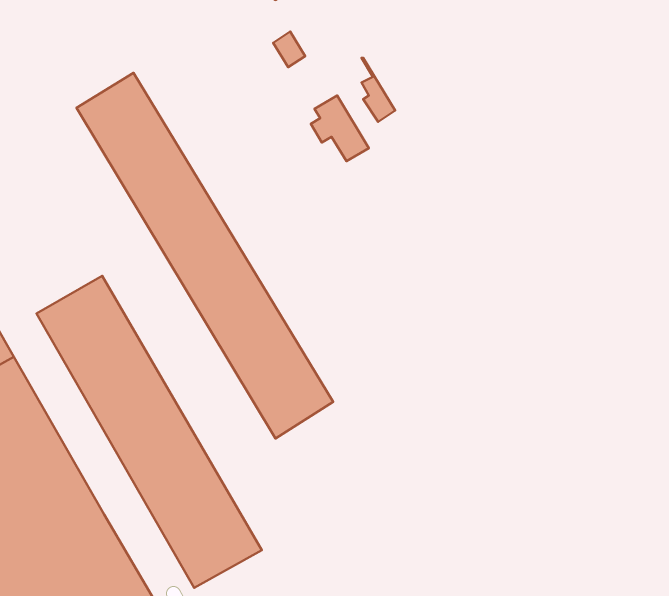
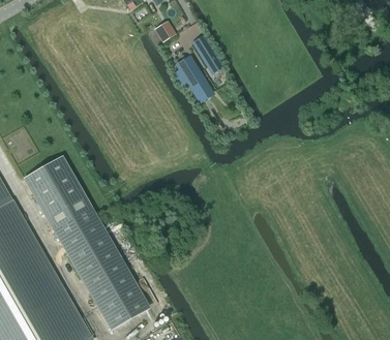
building: [76,73,333,439] -> none

